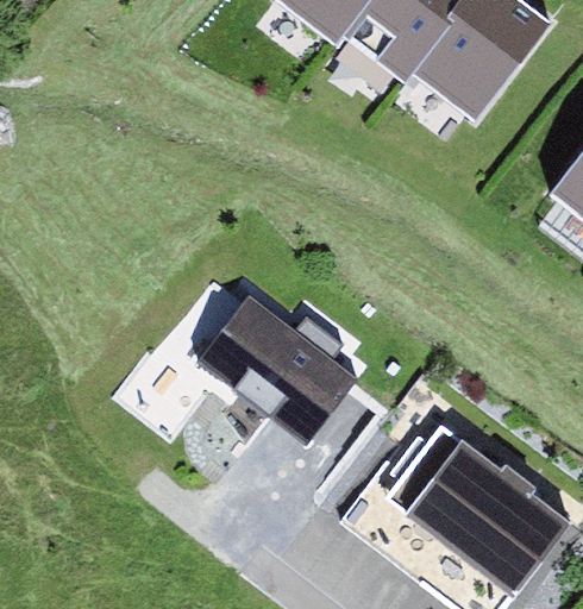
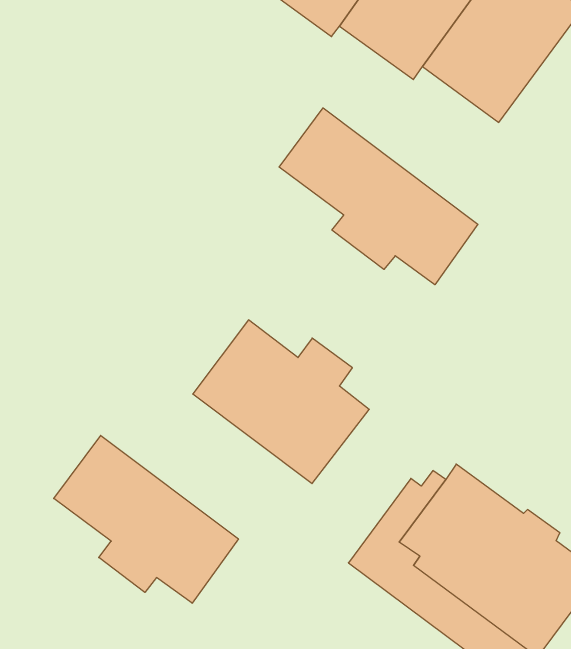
building: none -> [279,108,478,285]
building: none -> [54,435,238,603]

